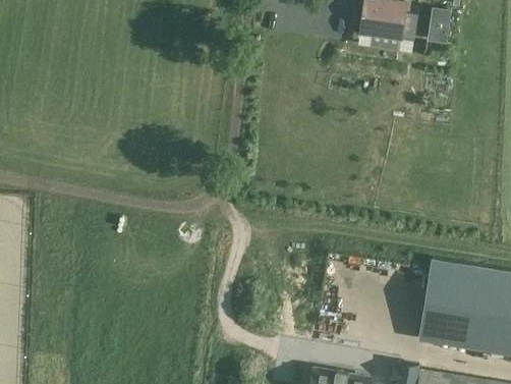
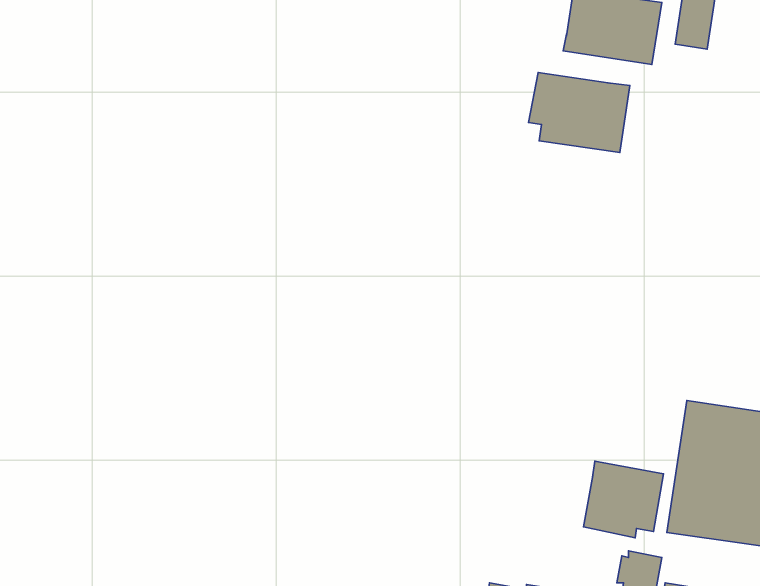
building: none -> [528,72,630,152]
building: none -> [584,461,664,538]

